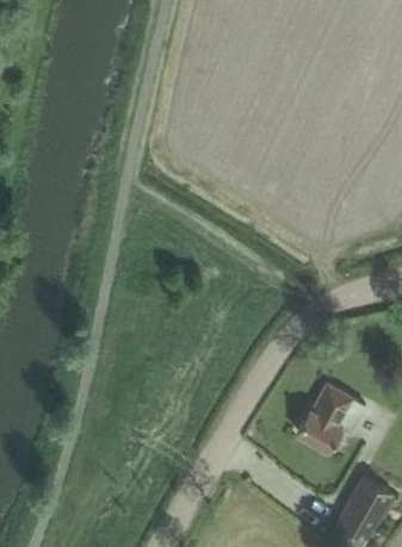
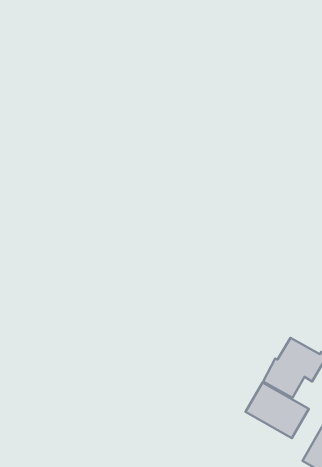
building: none -> [245,382,309,438]

